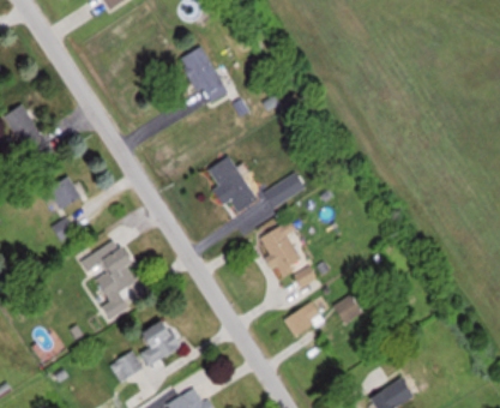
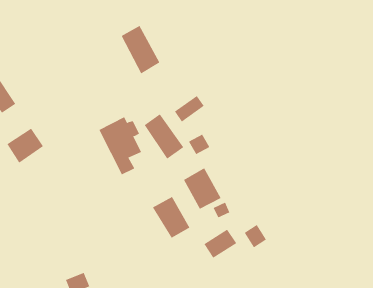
building: none -> [174,95,204,122]
building: [83,241,137,314] -> [99,117,142,175]
building: none -> [152,196,190,238]
building: [140,320,183,368] -> none

